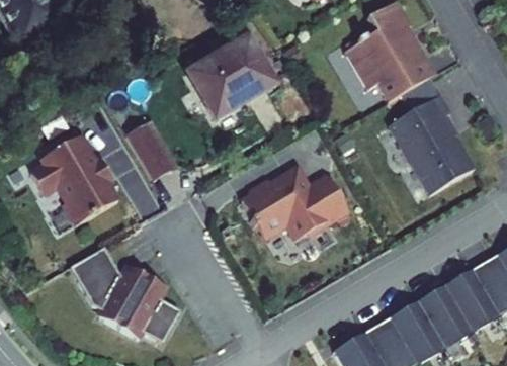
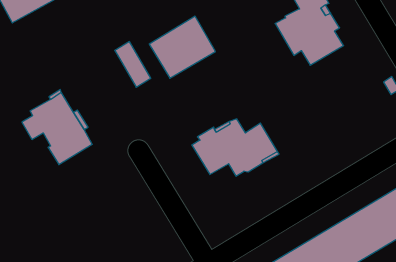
building: [389,94,474,194] -> none
building: [128,123,172,180] -> [115,42,151,87]
building: [71,246,181,341] -> none

